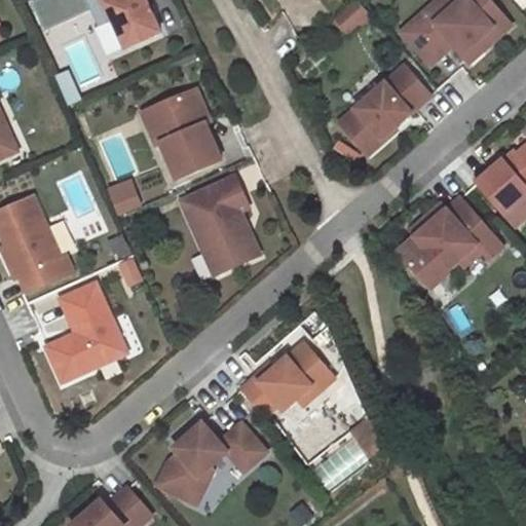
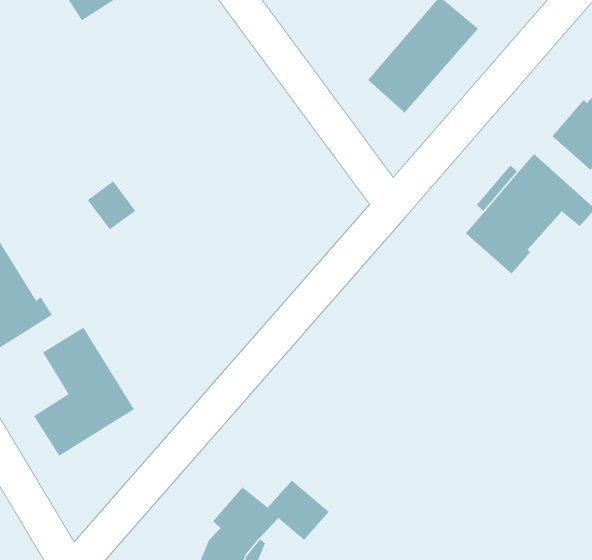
building: [142,88,222,181] -> none
building: [182,176,259,273] -> none
building: [242,343,334,416] -> none

